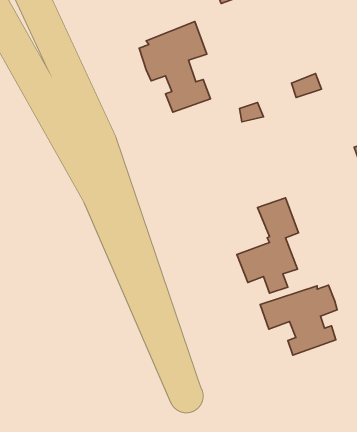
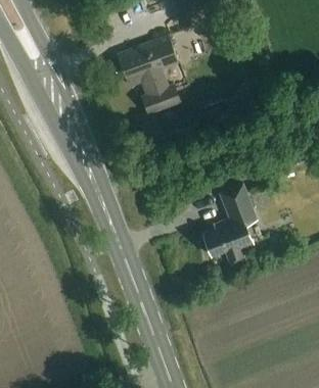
building: [260,285,337,355] -> none

